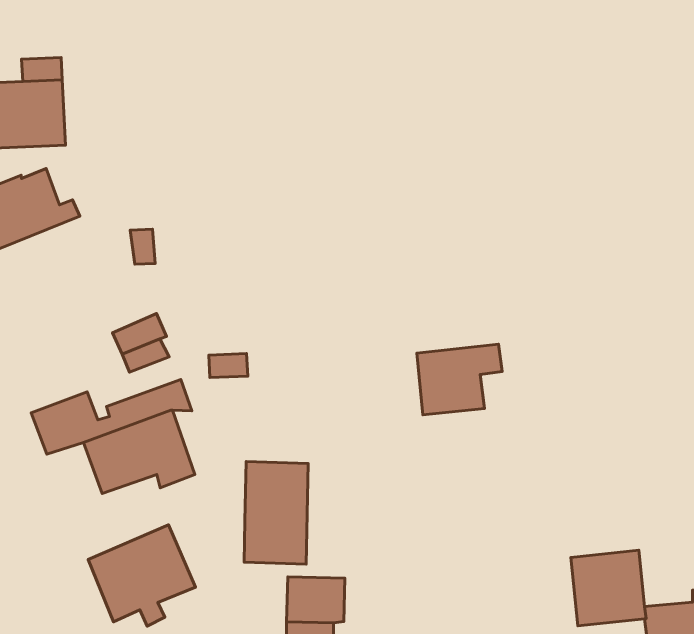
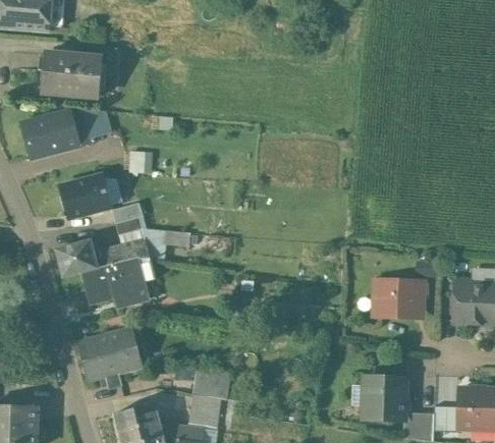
building: none -> [61,180,112,219]
building: [417,344,502,415] -> [376,280,426,318]
building: [244,462,308,564] -> none

